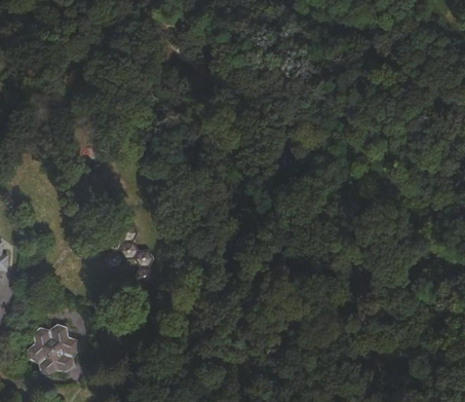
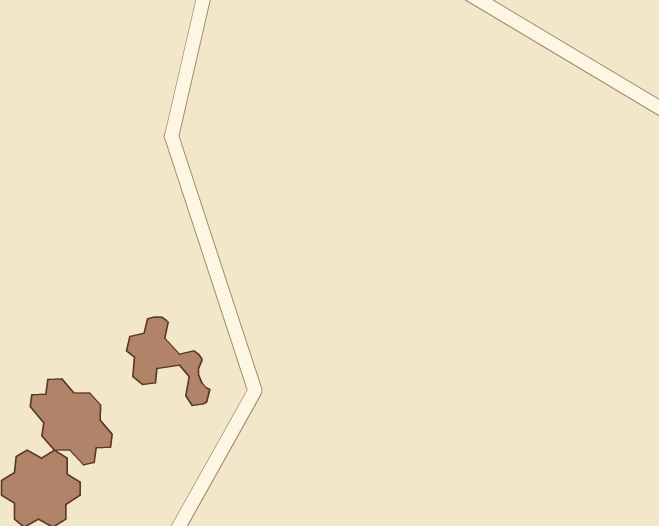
building: none -> [30,379,112,465]

